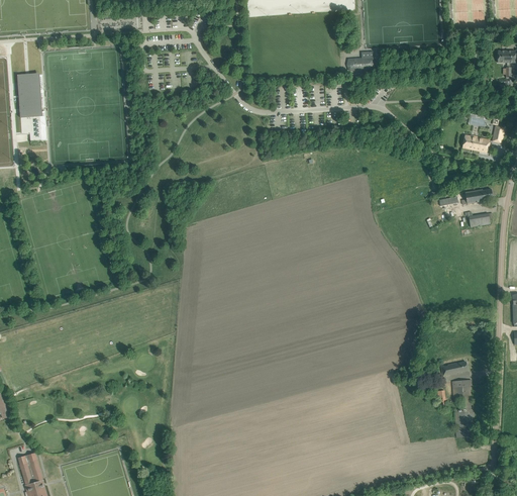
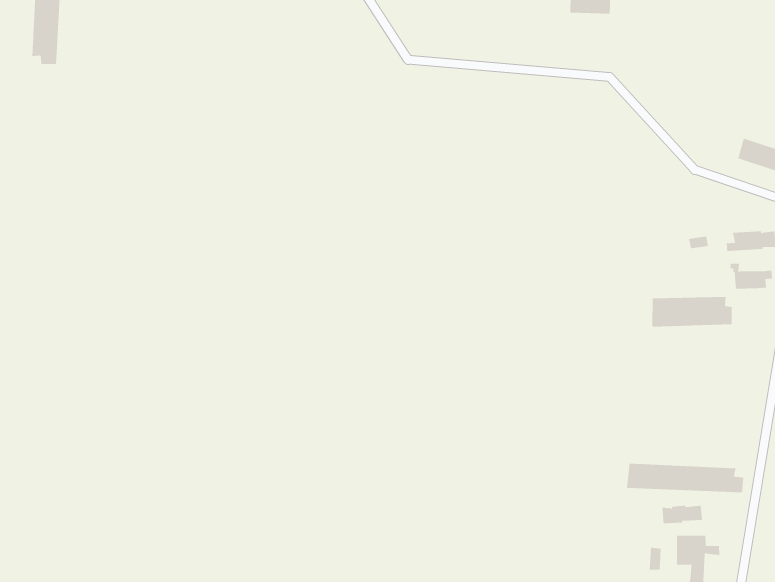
building: none -> [652,296,732,327]
building: none -> [626,463,744,493]

